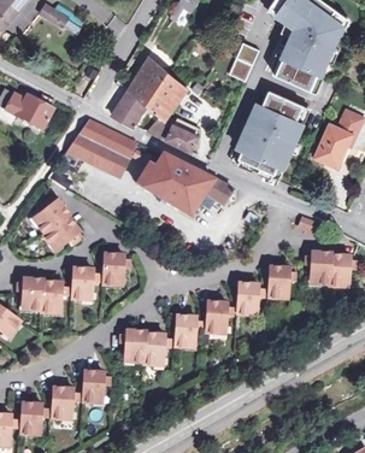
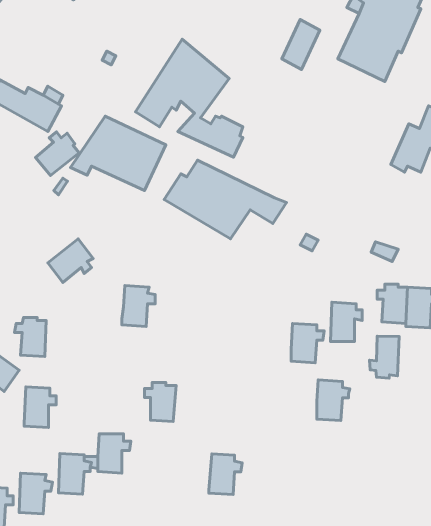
building: [237,90,304,173] -> none
building: [31,199,66,234] -> [35,132,79,176]
building: [70,267,96,300] -> none
building: [40,281,65,313] -> [24,387,56,428]
building: none -> [370,336,399,378]
building: [205,301,231,334] -> [317,380,350,421]
building: [173,314,200,347] -> none
building: [142,333,169,365] -> [209,454,242,495]

